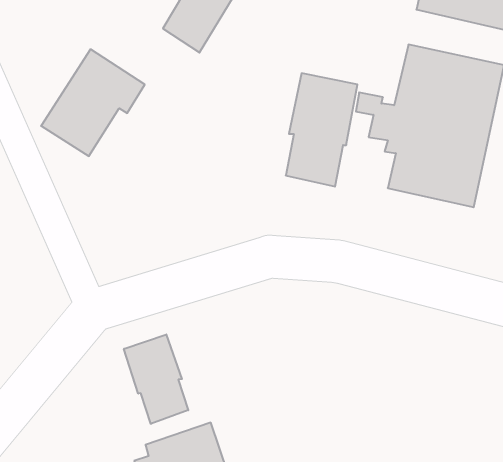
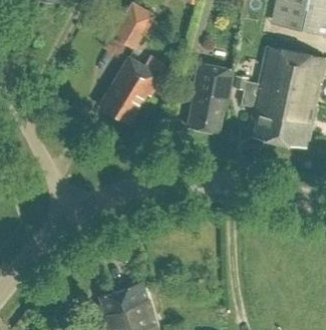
building: [41,49,145,156] -> [94,57,159,124]
building: [124,334,188,424] -> none

